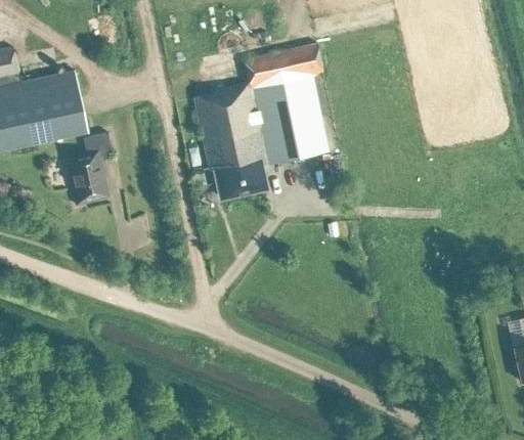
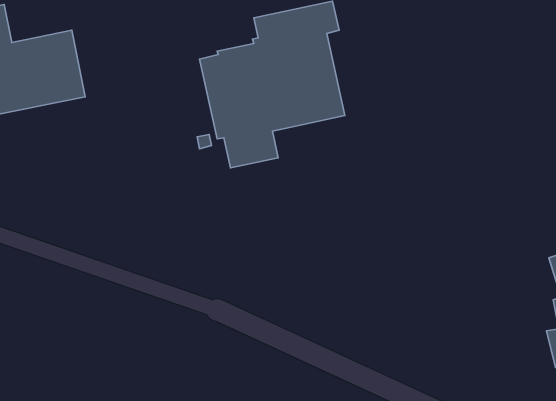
building: [69,133,114,204] -> none

